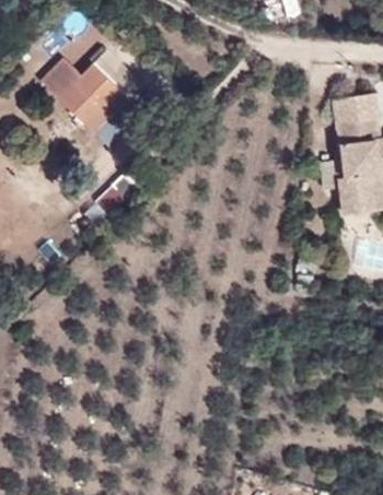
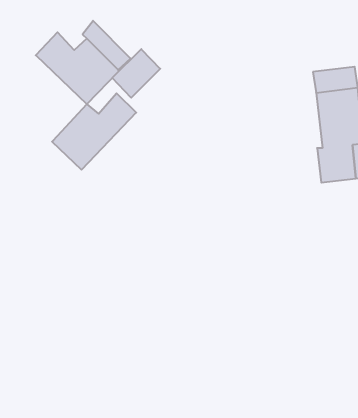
building: none -> [112,49,160,98]
building: none -> [52,93,136,170]

